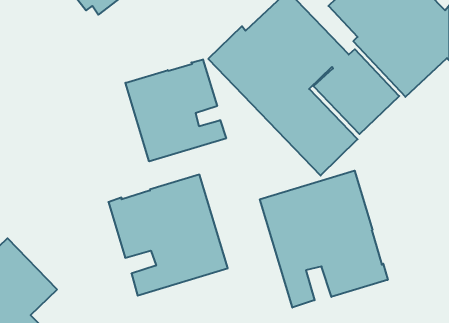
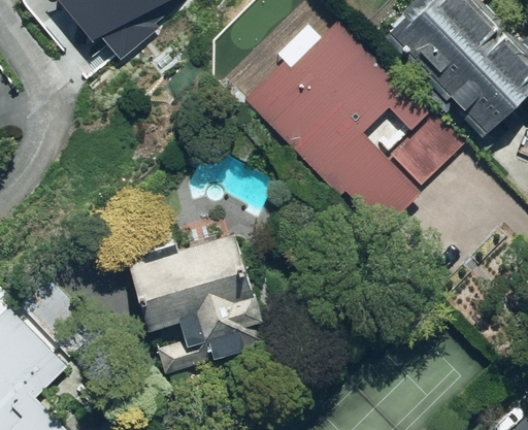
building: [125,59,226,161] -> none
building: [260,171,388,308] -> none

